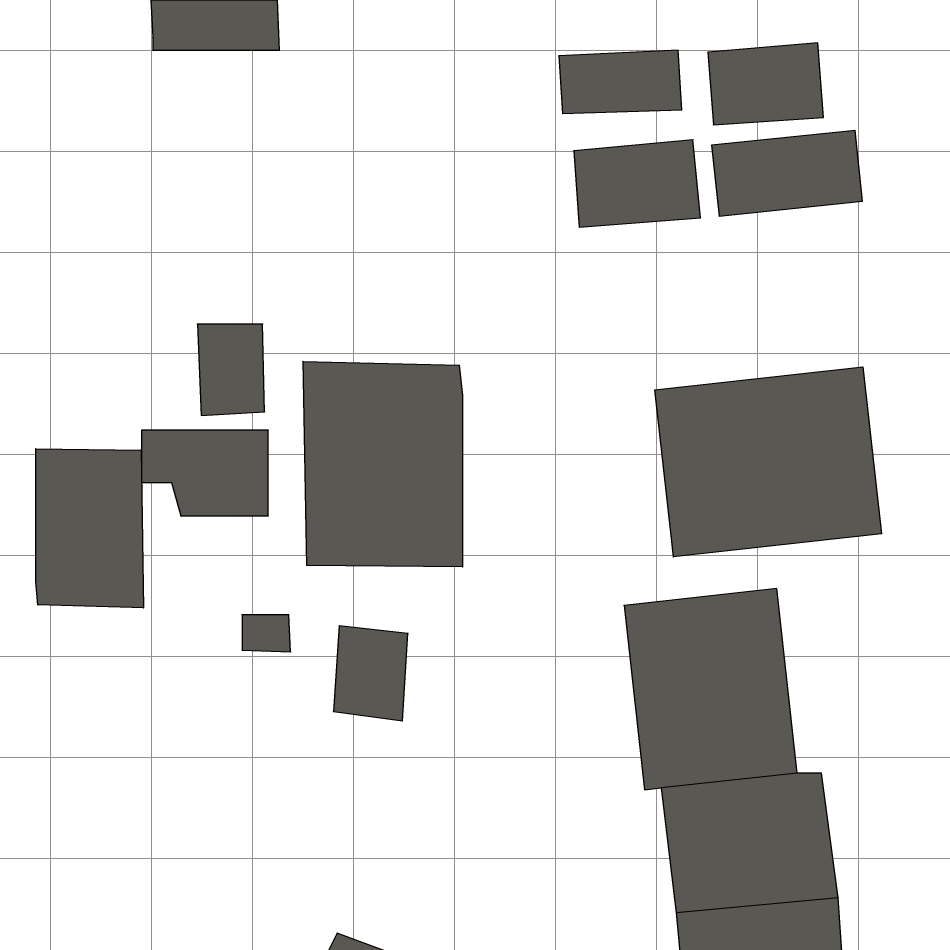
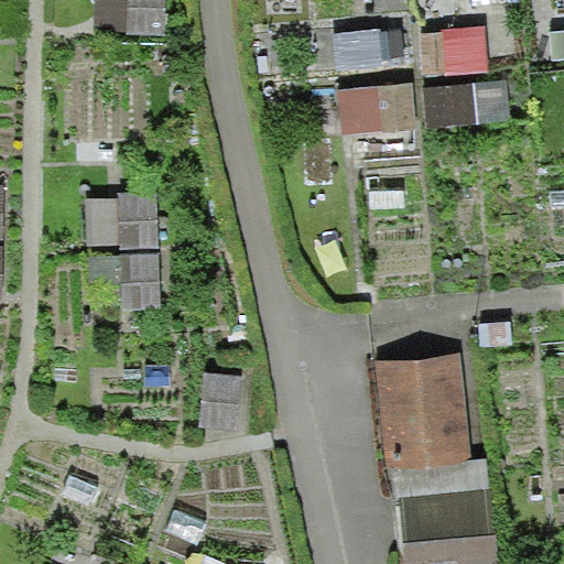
building: [303,361,463,567] -> none
building: [655,367,882,557] -> none
building: [36,449,143,608] -> none

